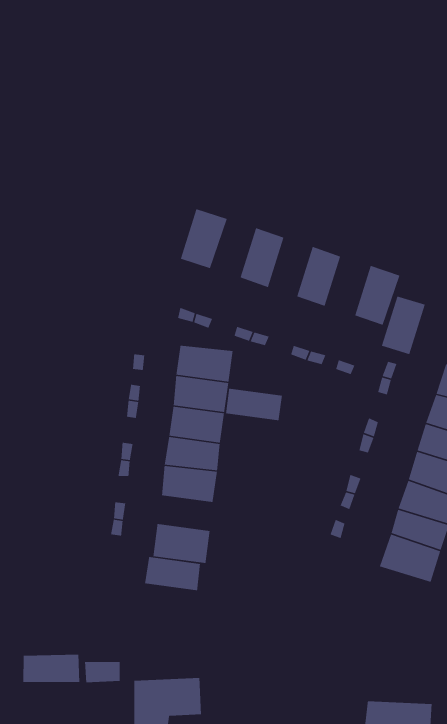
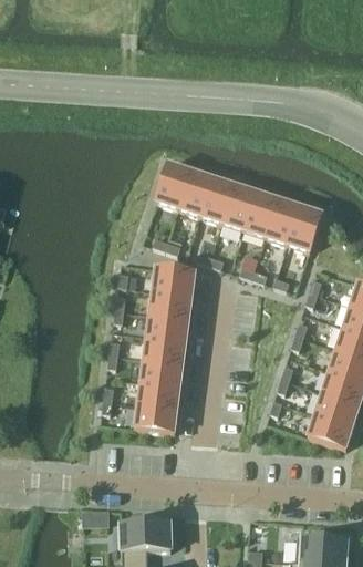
building: none -> [178,167,212,213]
building: none -> [222,182,256,227]
building: [381,295,426,355] -> [266,196,300,241]
building: [225,388,283,421] -> none
building: [144,556,201,591] -> [137,379,180,405]
building: [22,654,80,683] -> none

